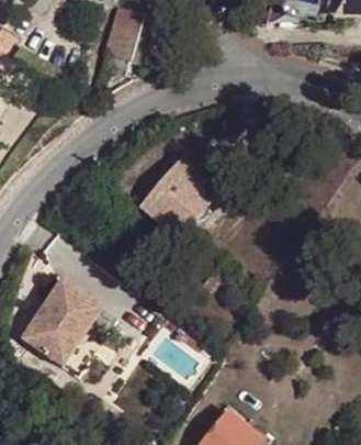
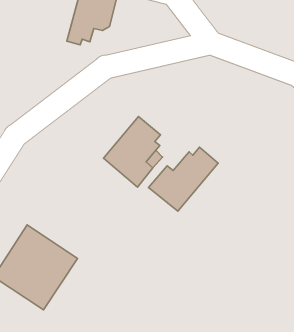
building: none -> [148,147,218,211]

